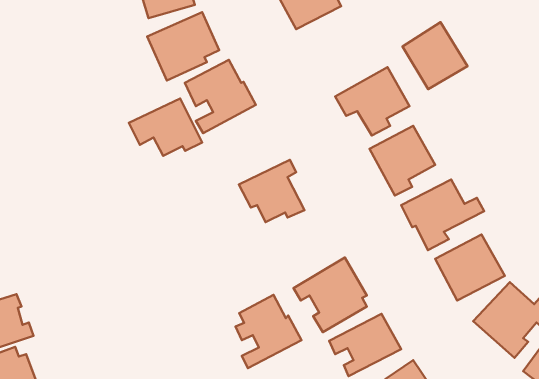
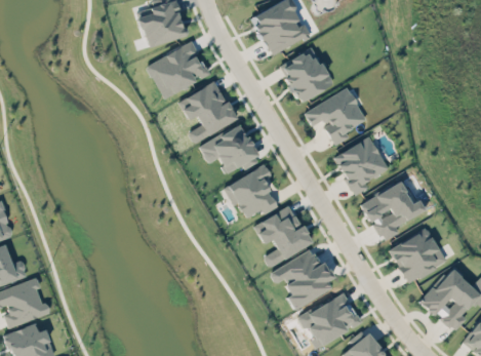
building: [403,22,467,89] -> [280,46,334,103]
building: [129,98,202,156] -> [199,124,260,172]
building: [236,295,302,368] -> [258,205,314,267]

